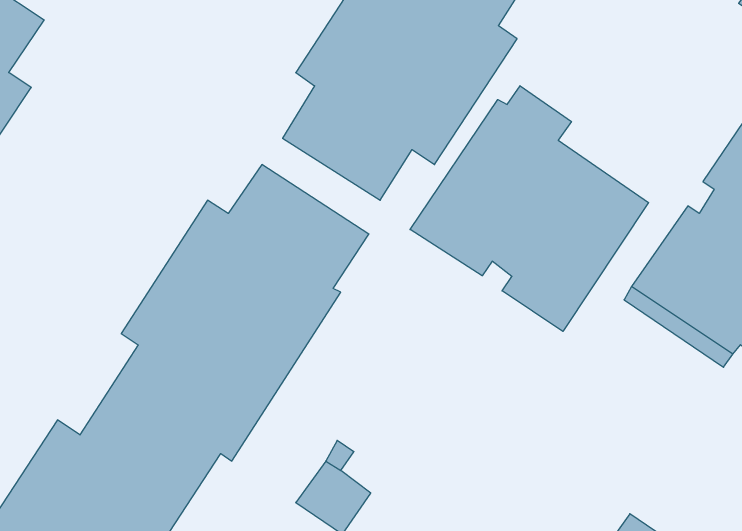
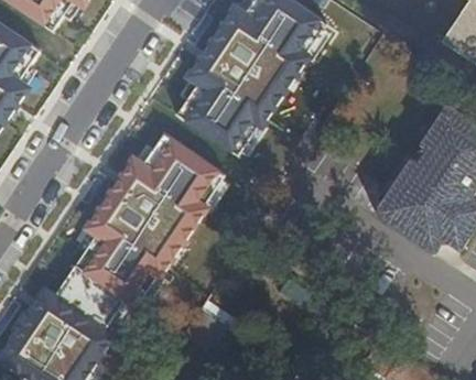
building: [410,86,649,331] -> none

